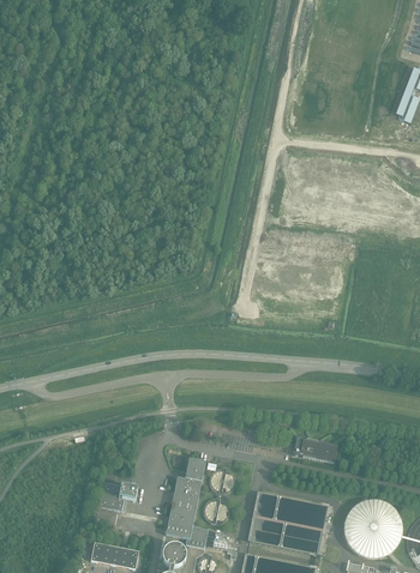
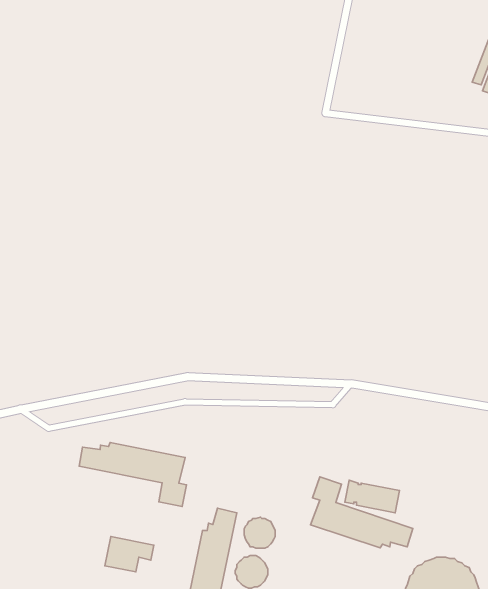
building: none -> [79,443,187,507]
building: none -> [310,477,413,548]

